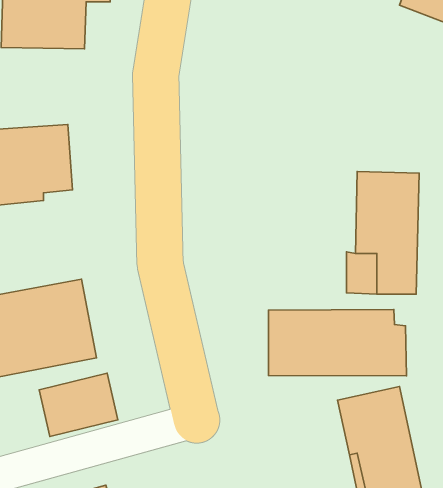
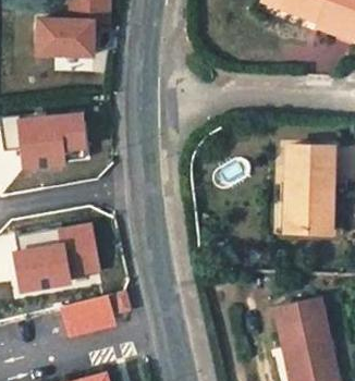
building: [268,310,407,376] -> none

